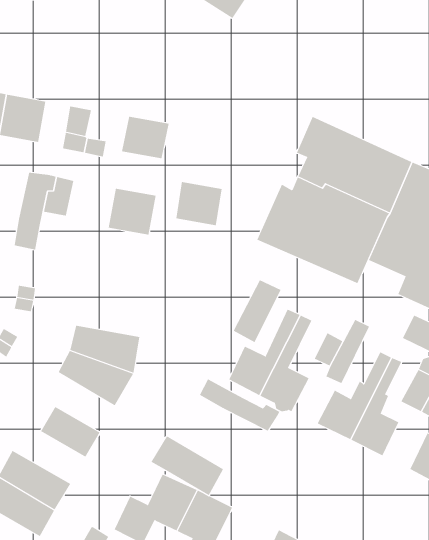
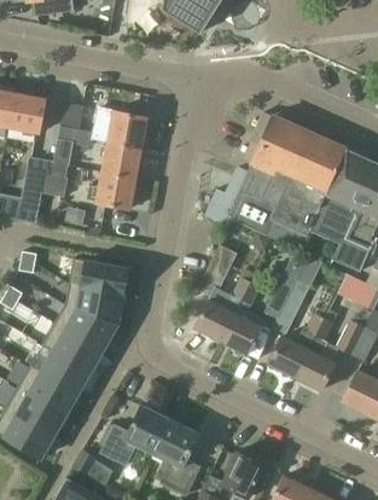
building: [175,182,222,226] -> [103,140,141,176]
building: none -> [70,257,128,292]
building: [199,379,280,431] -> none
building: none -> [18,364,78,413]
building: [150,435,224,496] -> [42,321,103,371]

